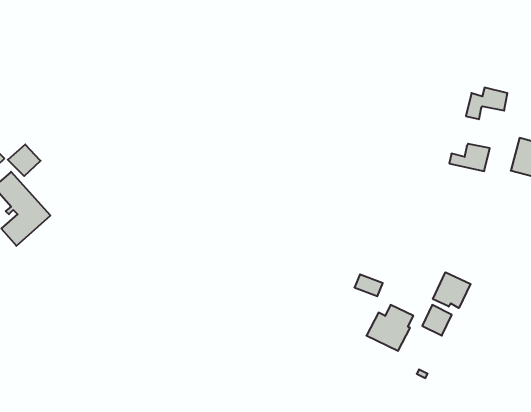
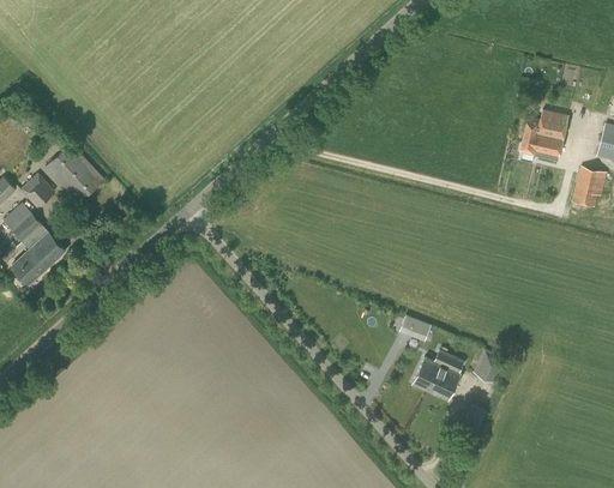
building: none -> [44,141,106,204]
building: [449,144,490,171] -> [519,131,564,161]
building: [433,272,471,308] -> none

